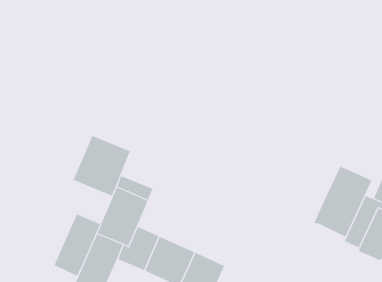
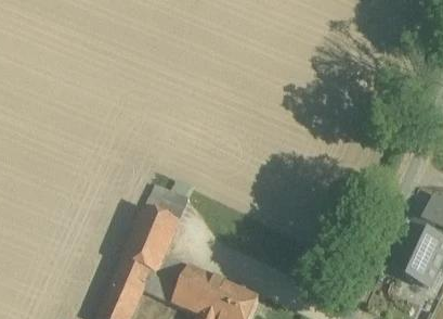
building: [73,135,131,196] -> none
building: [314,166,372,237] -> none
building: [54,213,101,277] -> none

